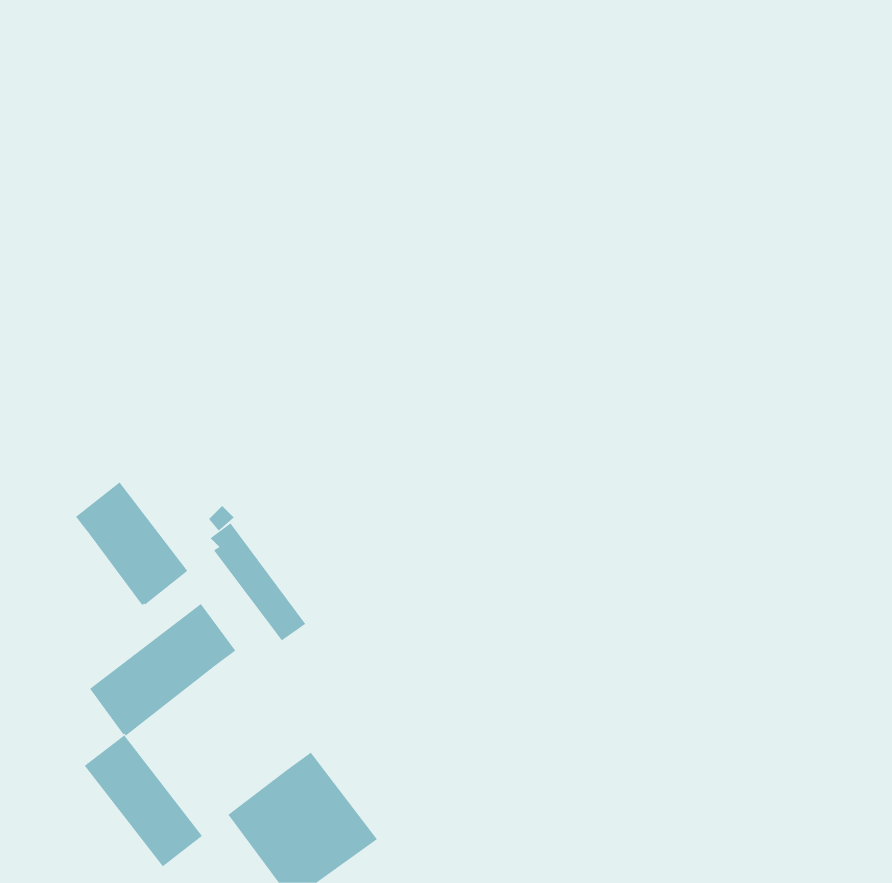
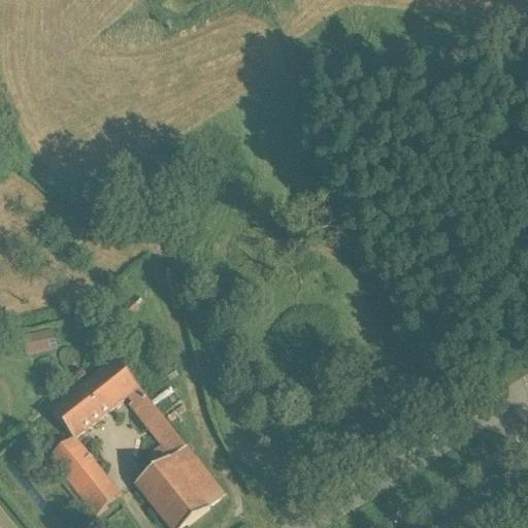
building: [75,482,188,606] -> none
building: [210,522,306,641] -> [127,384,184,454]

